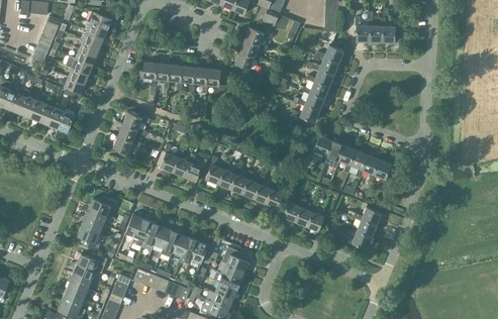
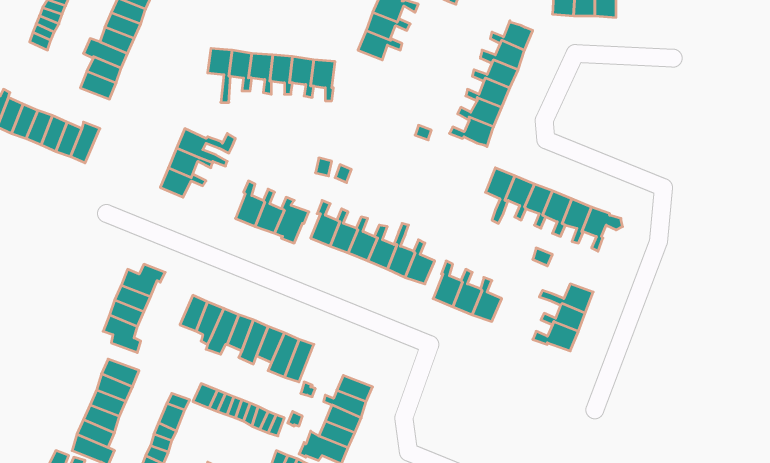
building: [222,247,248,272] -> none

